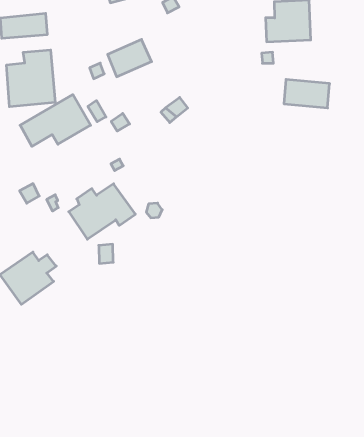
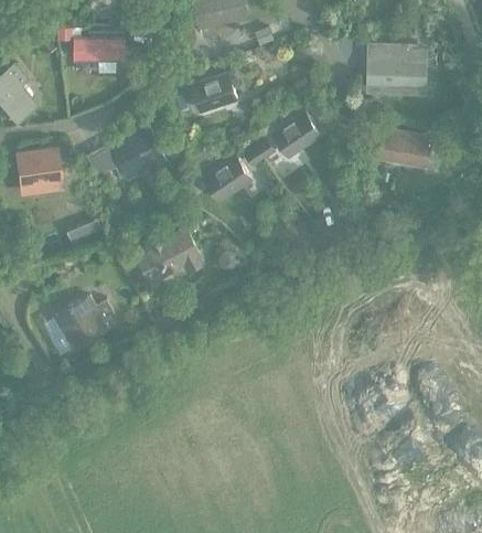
building: [7,50,55,107] -> none
building: none -> [272,113,321,158]
building: none -> [203,157,251,202]

